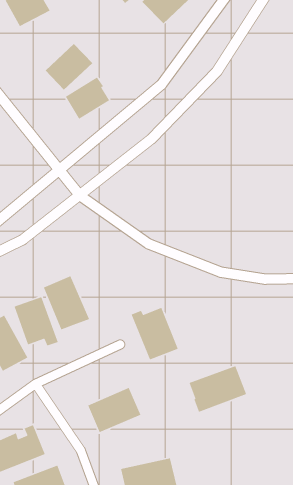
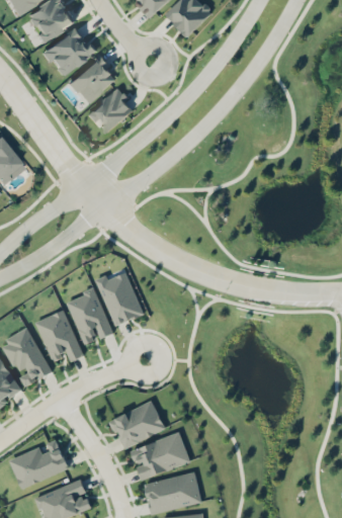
building: none -> [42,27,93,76]
building: [131,307,179,360] -> [95,272,144,326]
building: [189,365,247,413] -> [132,433,190,481]

